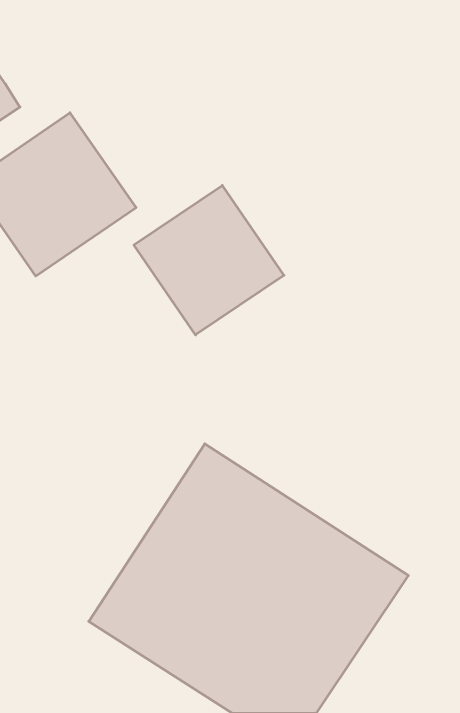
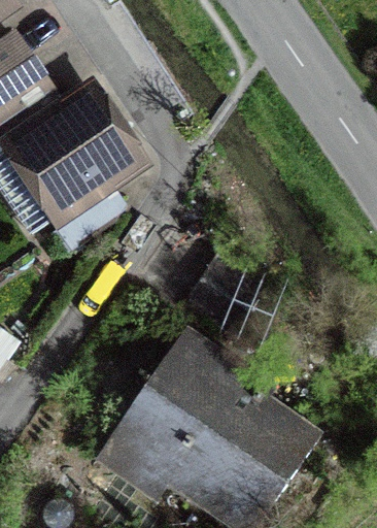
building: [134,185,284,335] -> none

